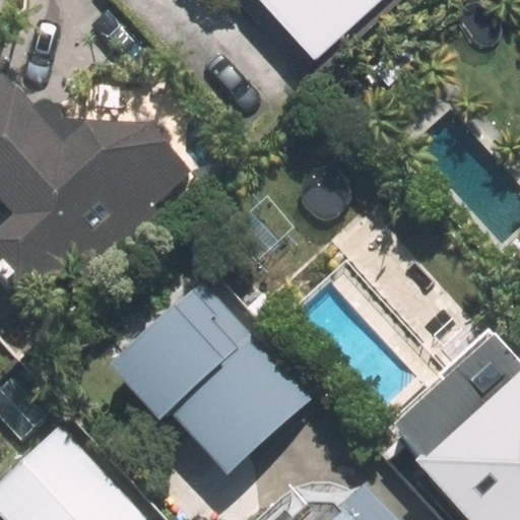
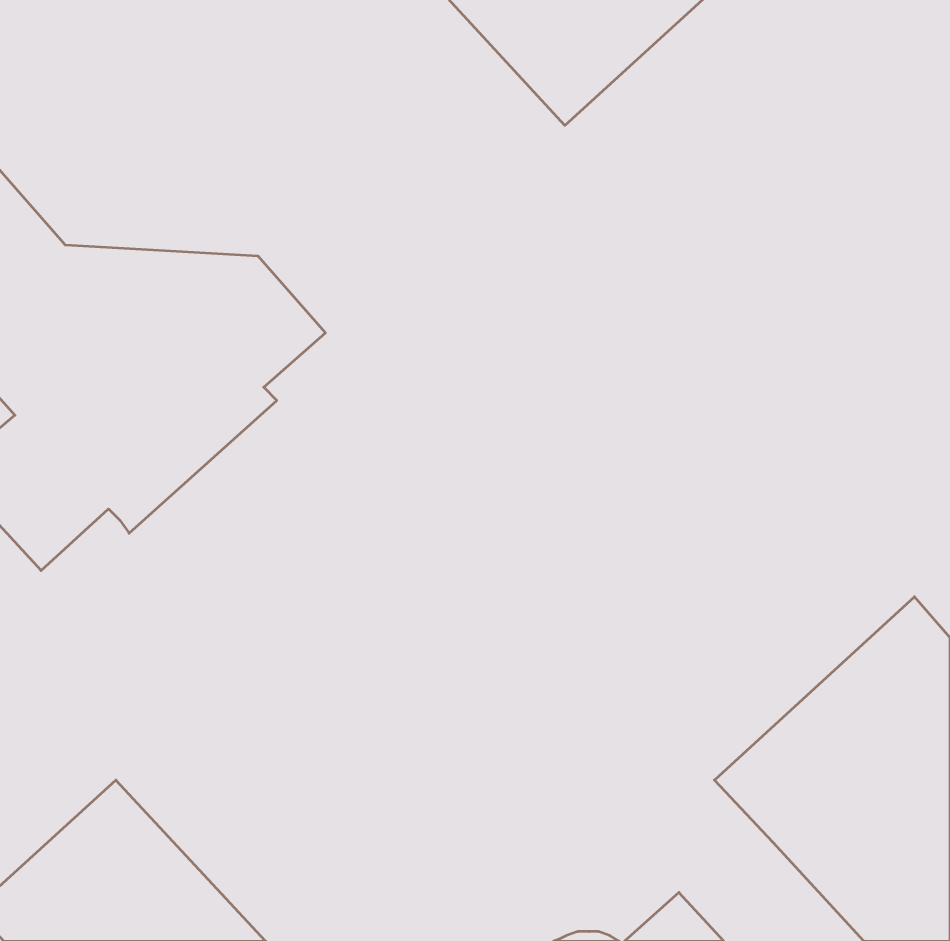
building: [108,280,310,470] -> none

